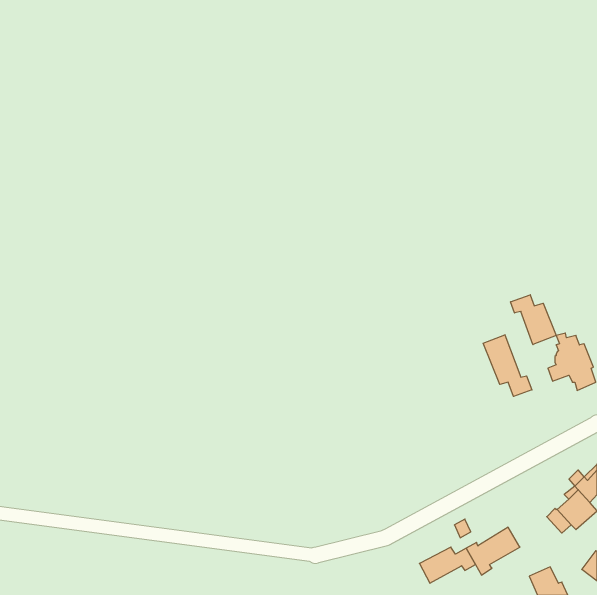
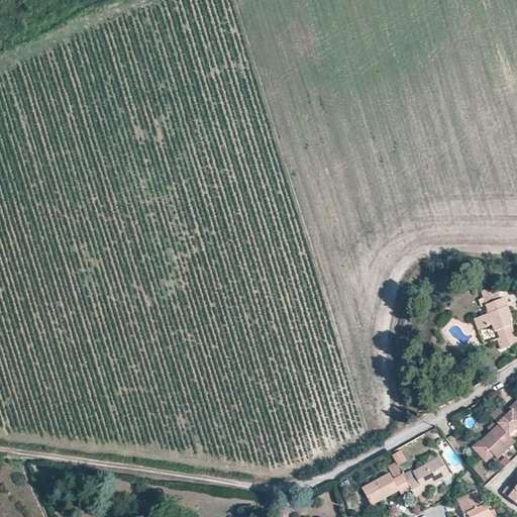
building: [511,295,556,345] -> none
building: [483,335,532,396] -> none

